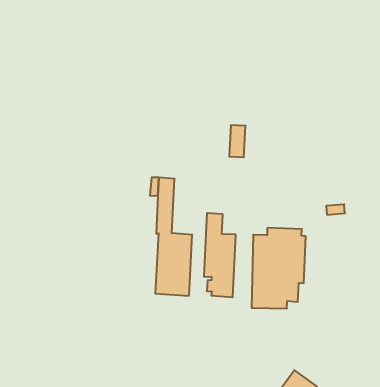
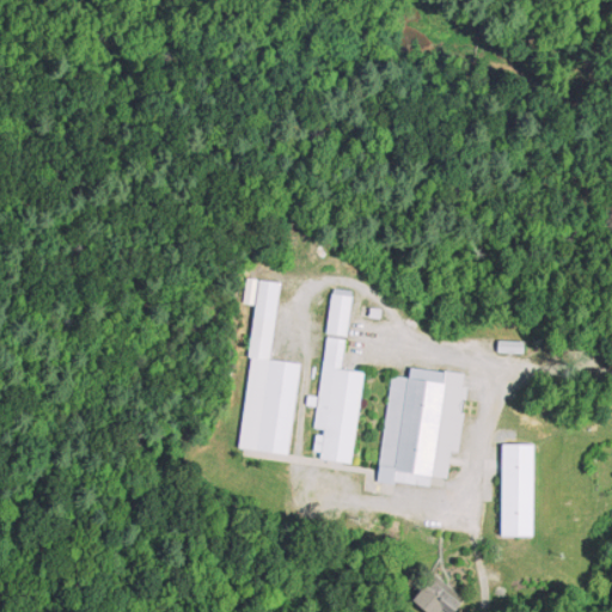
building: [229,125,246,157] -> [326,289,354,337]
building: none -> [502,442,534,538]

